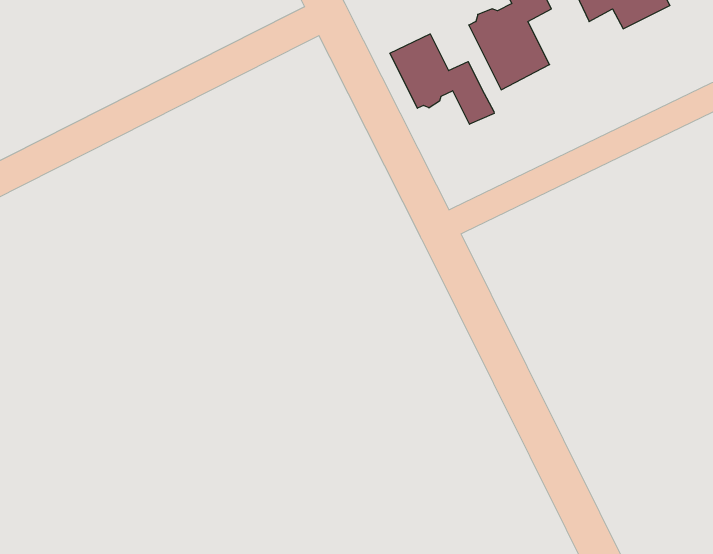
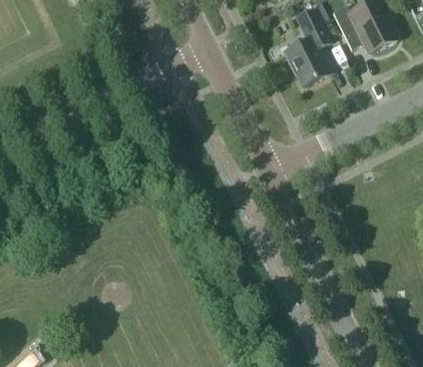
building: [390,34,494,124] -> none

